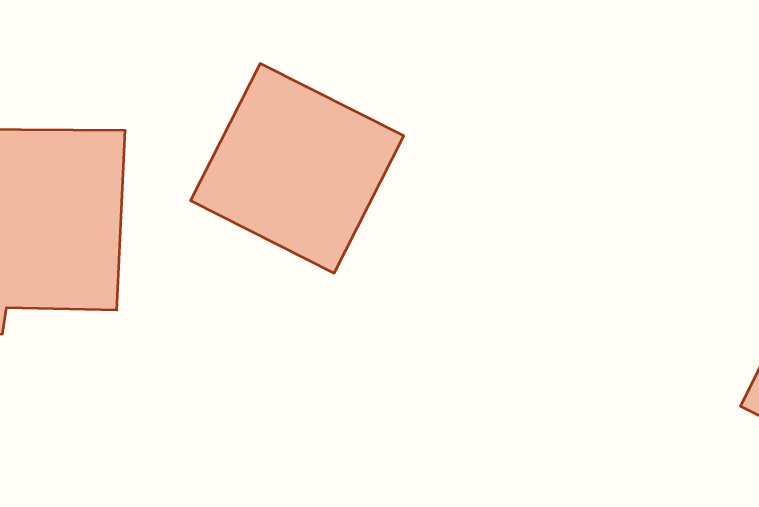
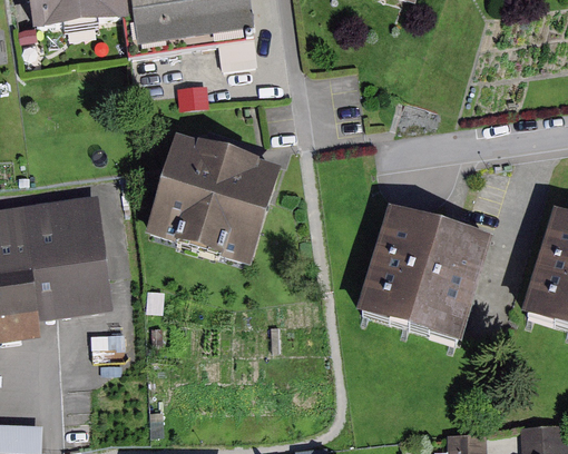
building: none -> [355,206,489,342]

